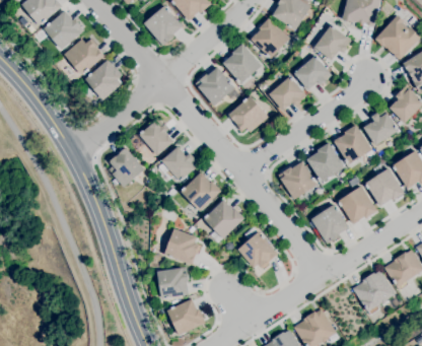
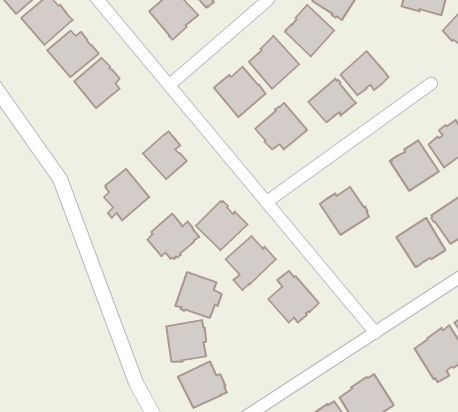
building: [313,24,351,60] -> none
building: [306,142,344,182] -> none
building: [158,146,199,182] -> [147,214,199,259]
building: [310,204,349,245] -> none

